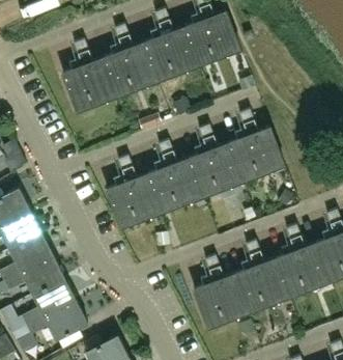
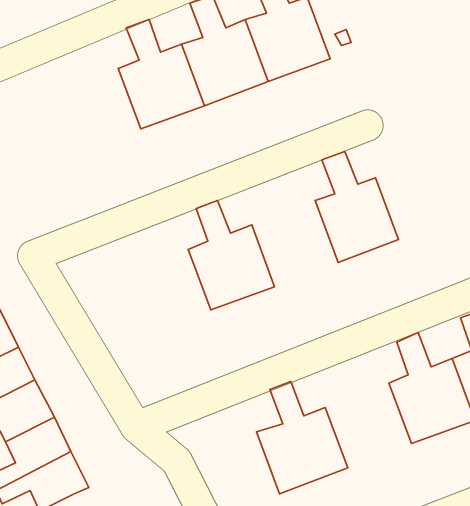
building: [62,41,119,112] -> none
building: [190,126,245,196] -> none
building: [106,157,164,227] -> none
building: [236,241,291,311] -> none

